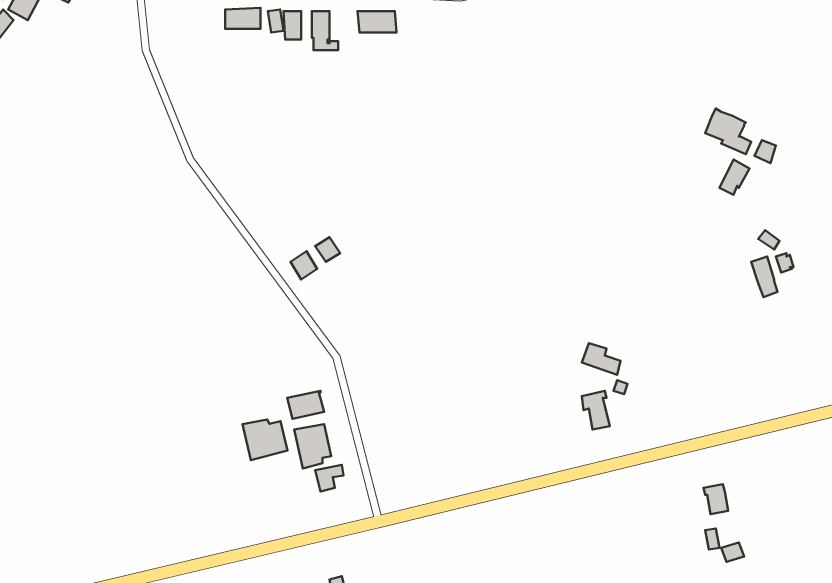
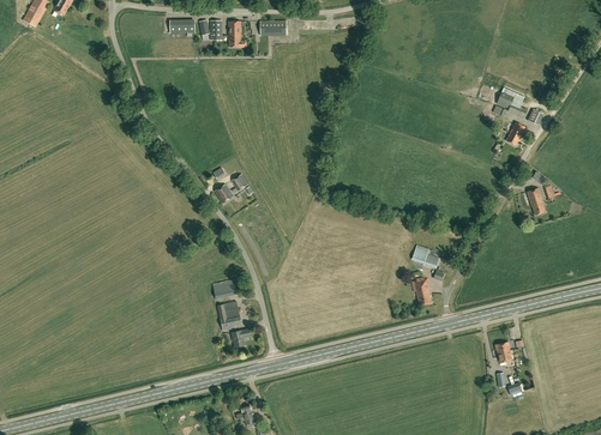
building: [243,419,287,460] -> none

